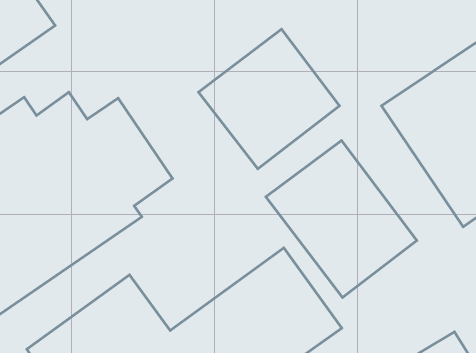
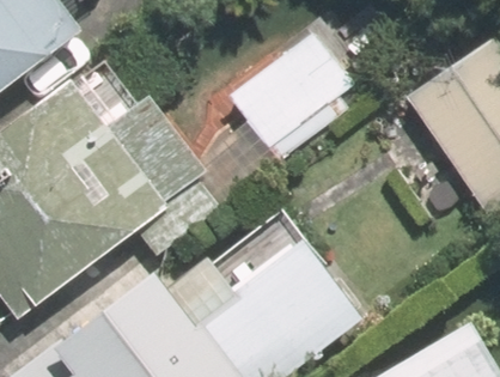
building: [266,141,417,297] -> none

